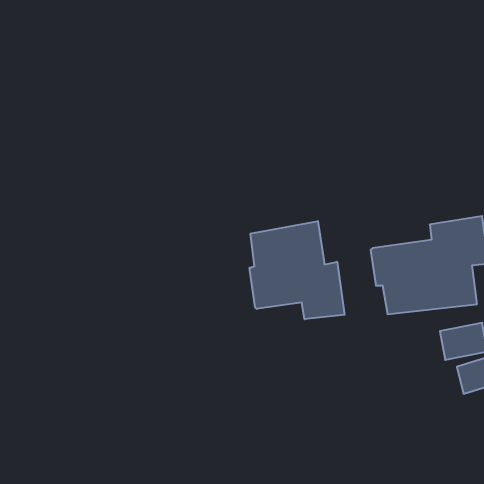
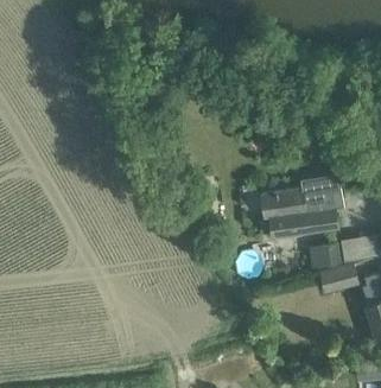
building: [250,221,345,319] -> none

